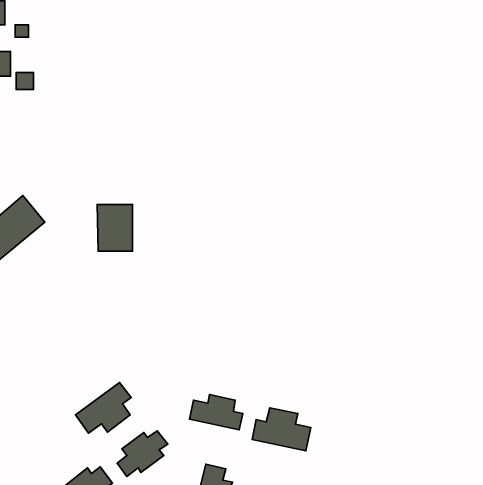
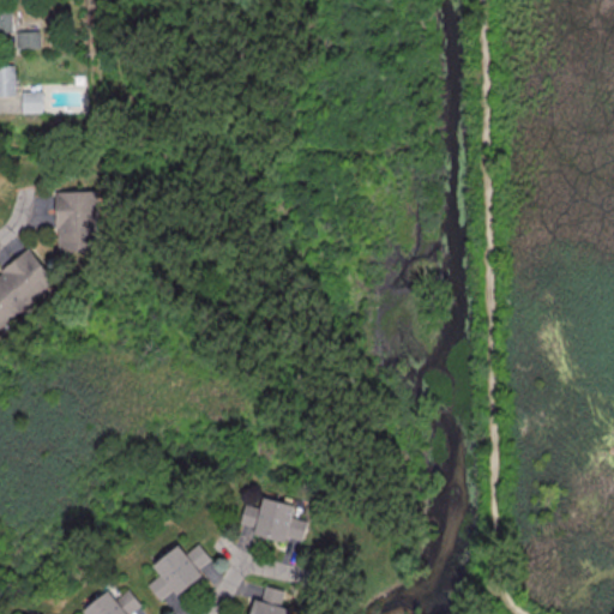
building: [97,204,132,251] -> [54,193,98,252]
building: [75,382,131,433] -> none
building: [252,408,311,451] -> none

